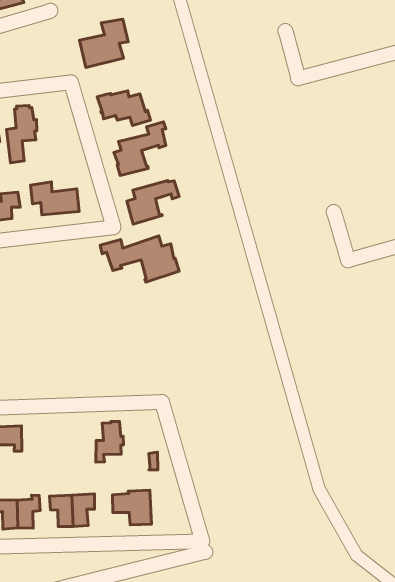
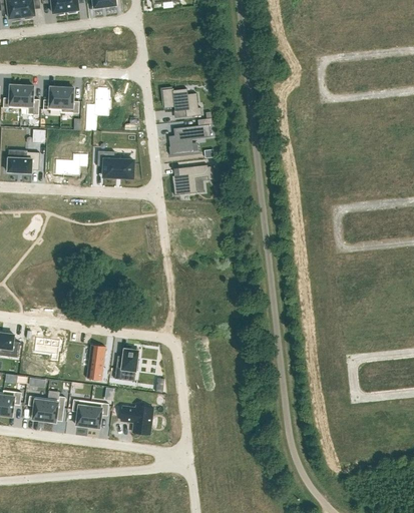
building: [79,19,128,67] -> none
building: [100,236,179,282] -> none
building: none -> [86,344,105,380]

